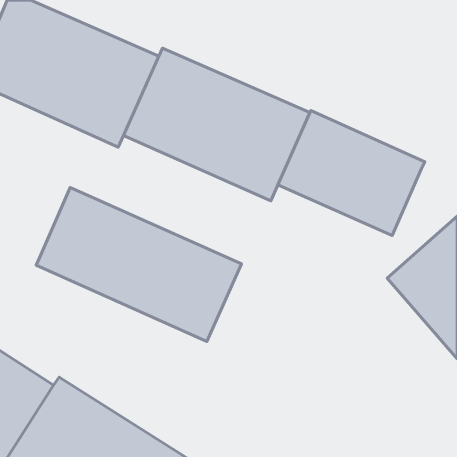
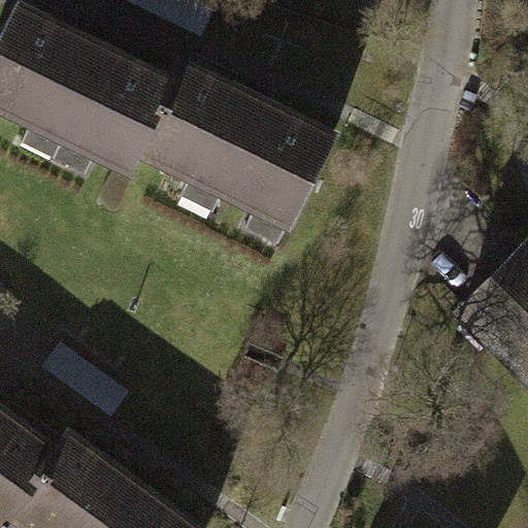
building: [278,110,425,236] -> none
building: [36,188,241,342] -> none

